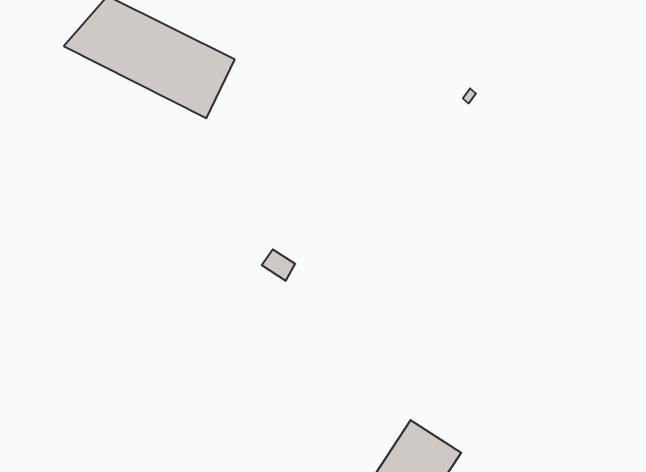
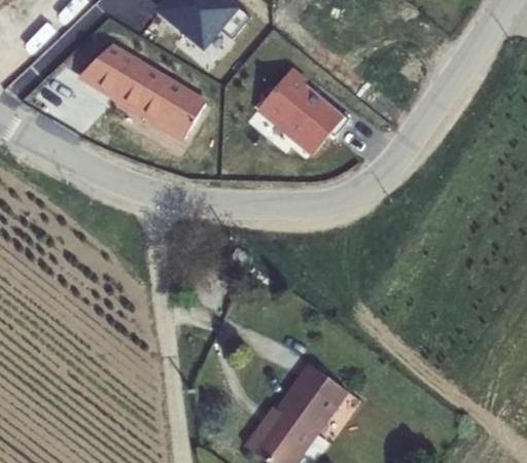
building: none -> [251,65,344,153]

